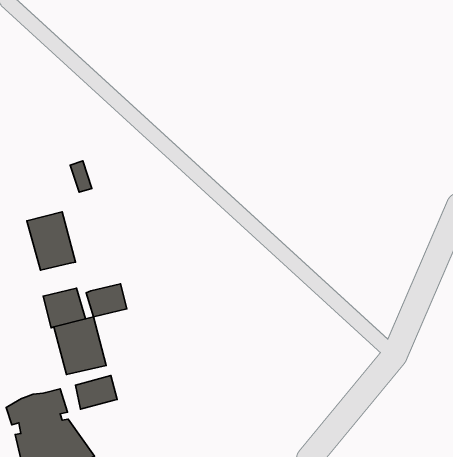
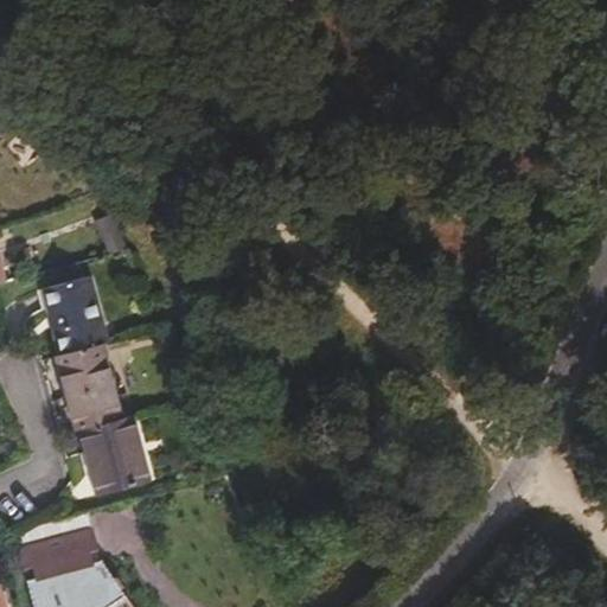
building: [86,284,127,317] -> [56,350,109,394]
building: [75,376,117,409] -> none

